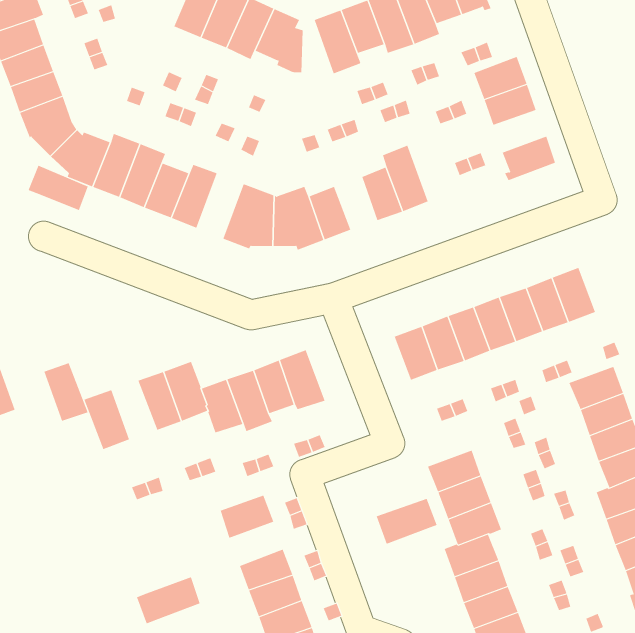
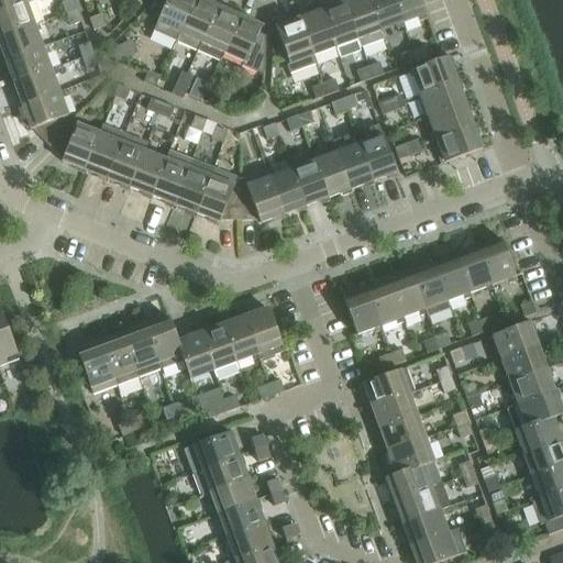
building: none -> [428,102,474,139]
building: none -> [355,123,397,180]
building: [28,165,89,211] -> none
building: none -> [175,156,214,212]
building: none -> [292,159,329,205]
building: [44,362,89,422] -> [102,333,141,384]
building: [376,498,438,544] -> [363,367,416,407]
building: [136,576,200,624] -> [194,454,249,495]

